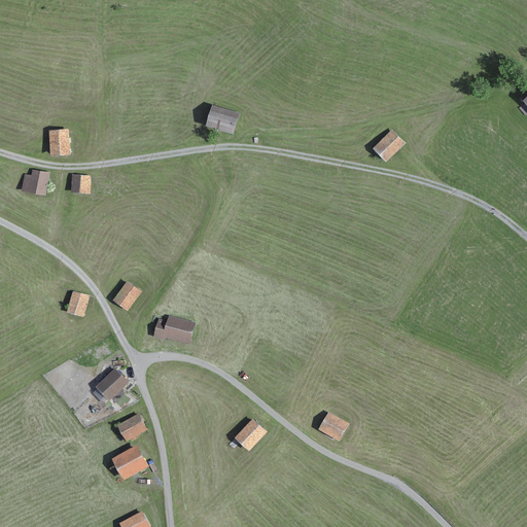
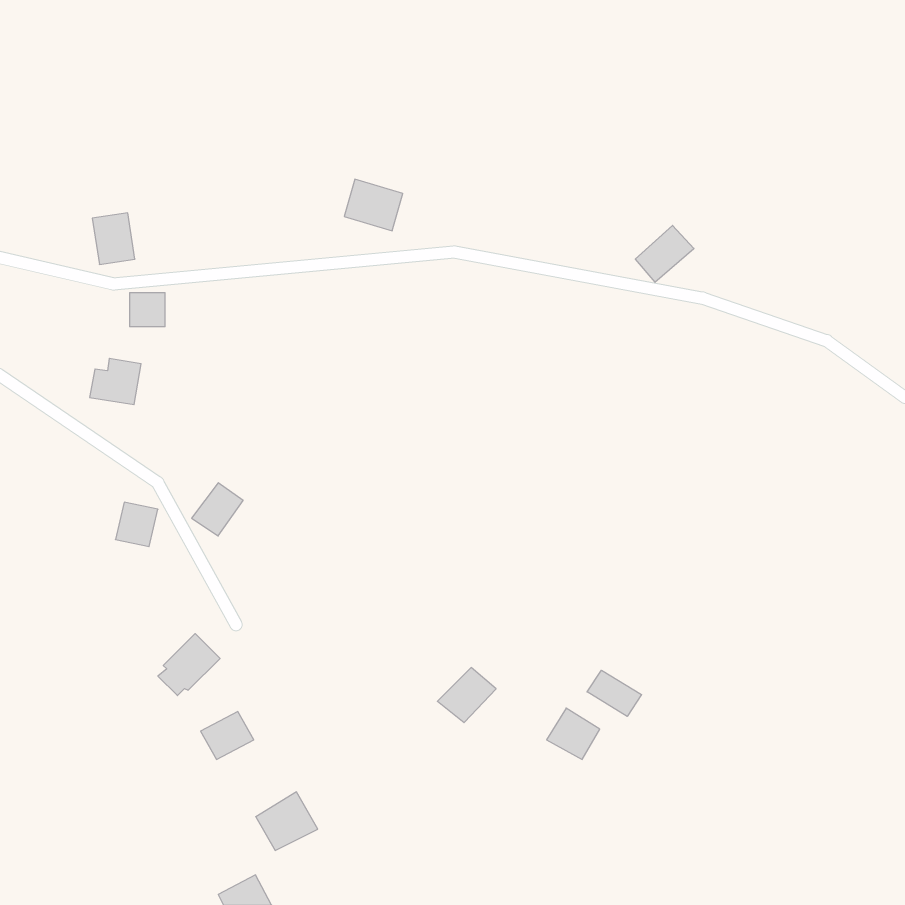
building: [26,167,56,194] -> [90,358,141,405]
building: [152,314,195,344] -> none
building: none -> [587,670,642,716]
building: [233,418,267,450] -> [437,668,496,723]
building: [111,445,147,479] -> [256,792,318,850]

